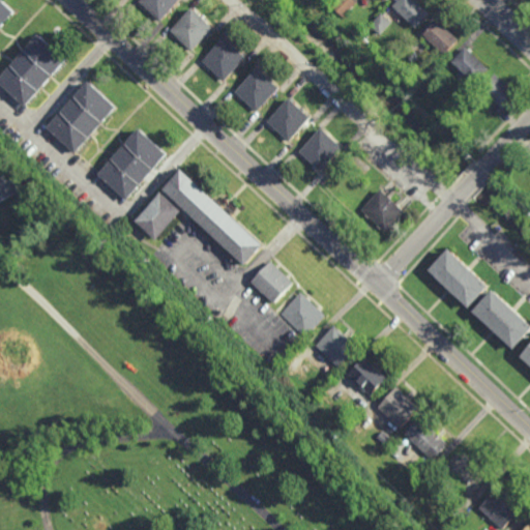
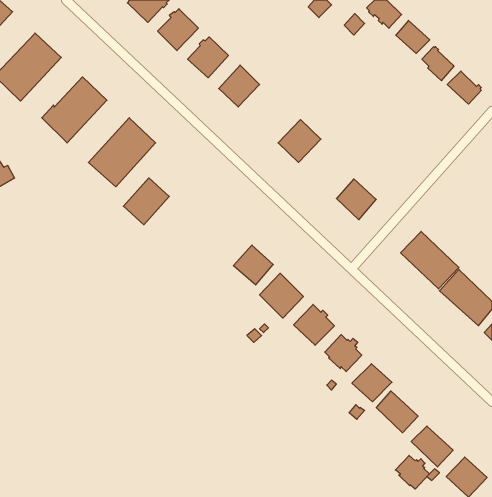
building: [265,98,308,142] -> none
building: [160,166,263,264] -> none
building: none -> [395,455,430,489]

